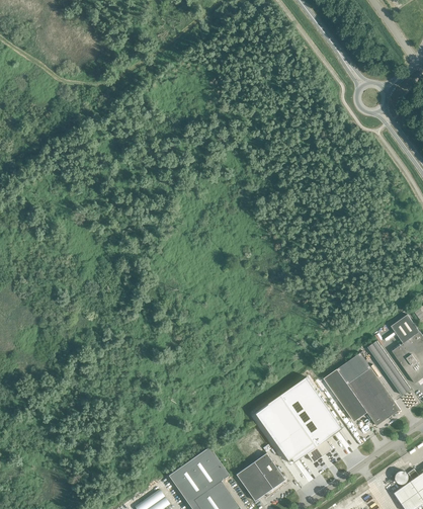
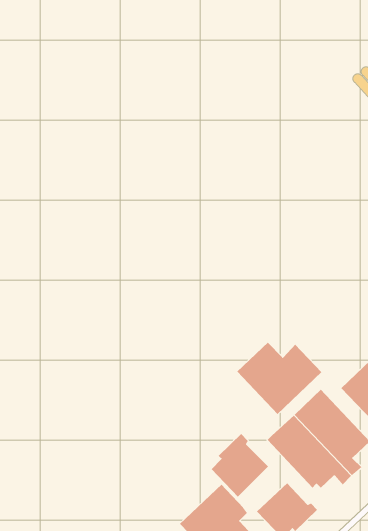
building: none -> [237,342,322,415]
building: none -> [211,433,269,497]

